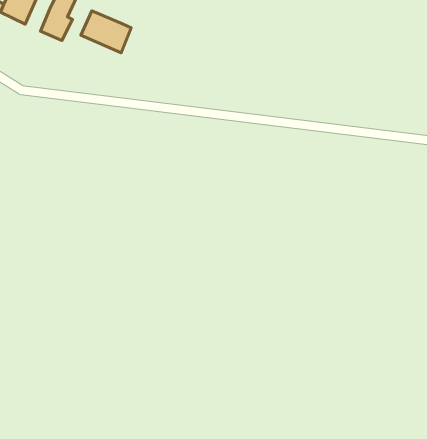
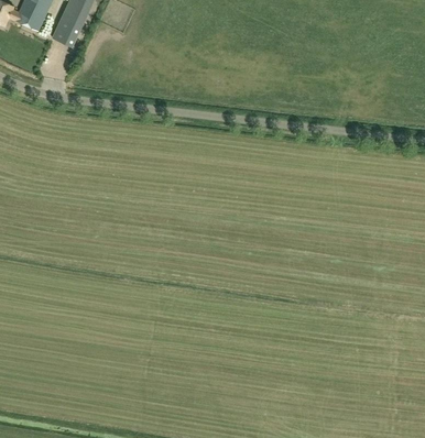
building: [81,11,131,53] -> none

